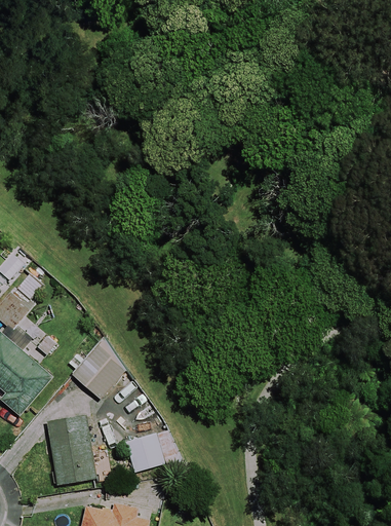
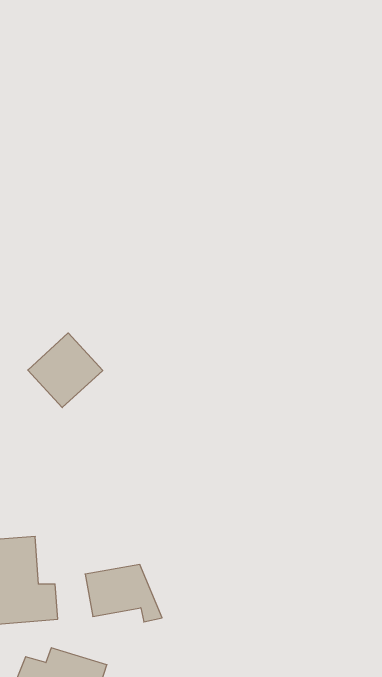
building: [72,344,127,400] -> [28,333,103,408]

